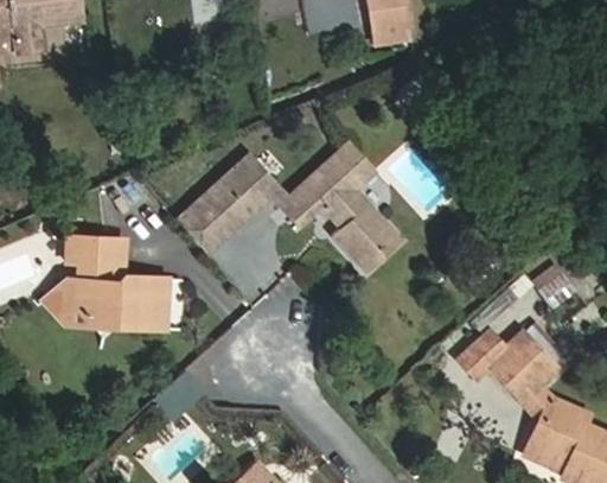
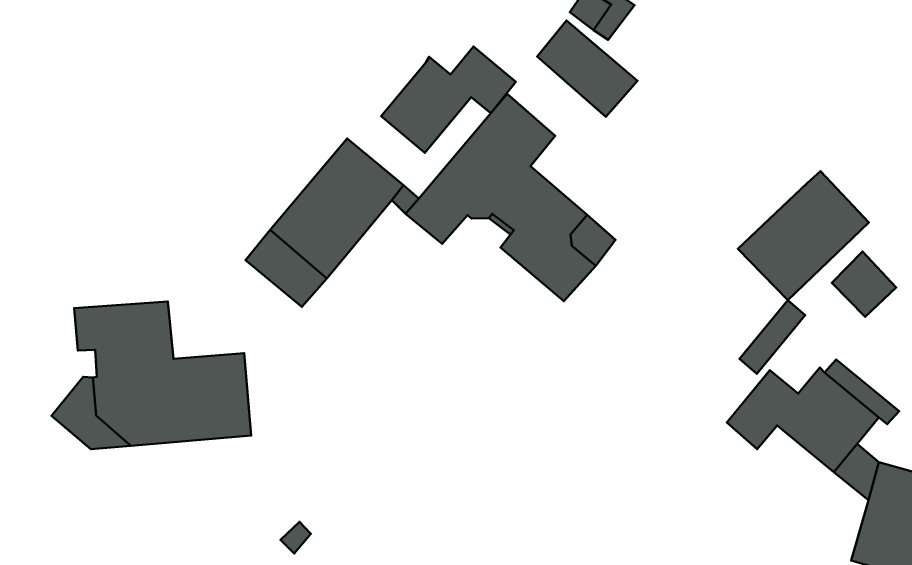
building: none -> [537,21,637,117]
building: none -> [381,47,516,153]
building: none -> [738,171,869,300]

